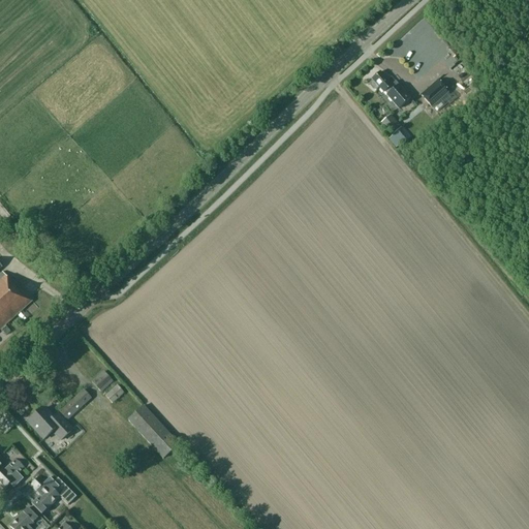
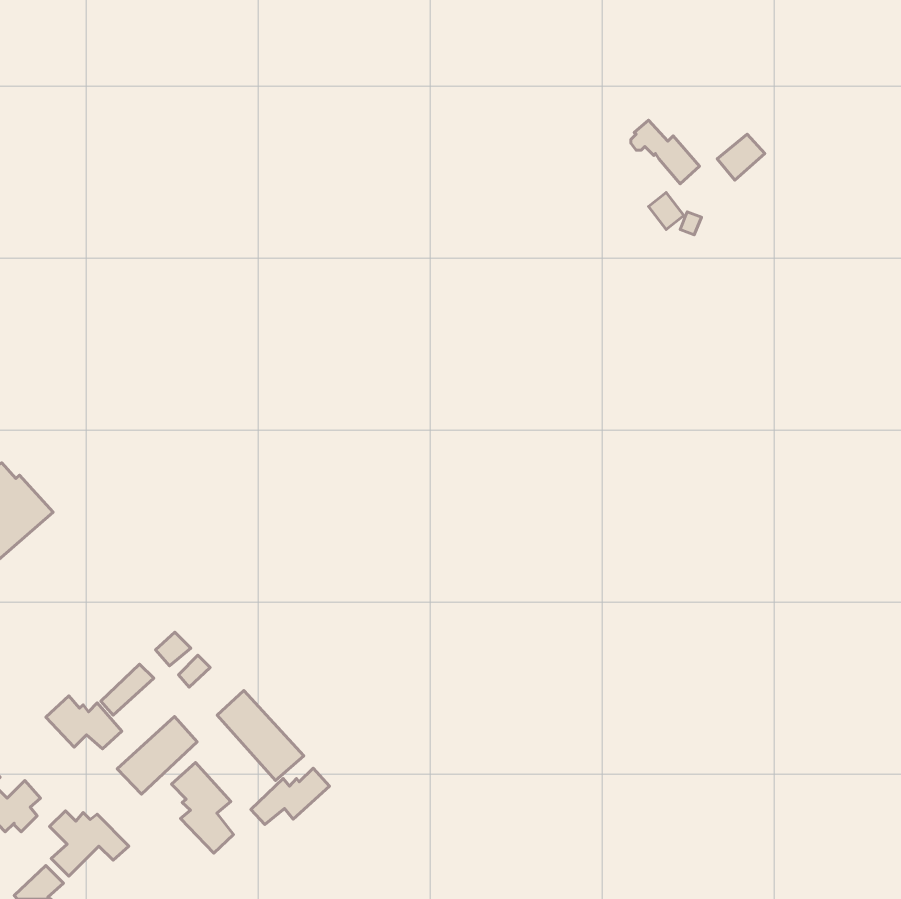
building: none -> [117,717,197,794]
building: none -> [172,762,234,853]
building: none -> [251,768,330,824]

